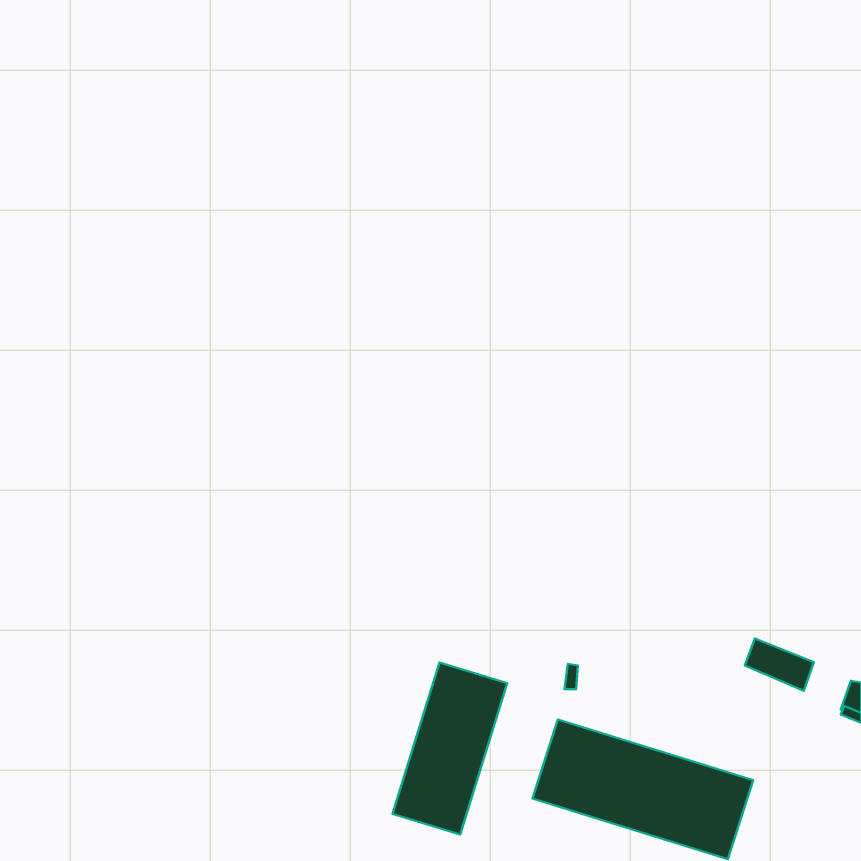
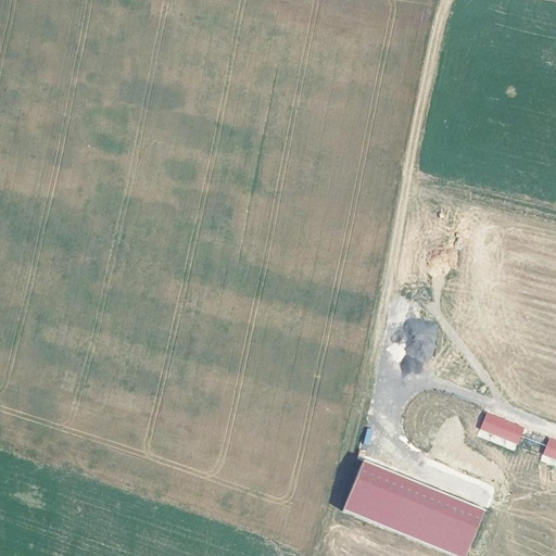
building: [392,663,507,834] -> none

